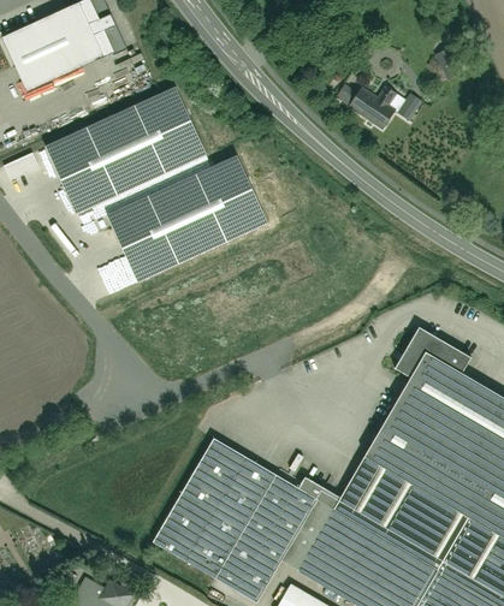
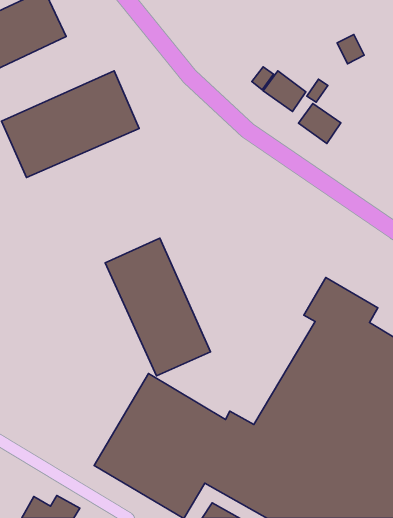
building: none -> [298,104,341,143]
building: [107,156,266,279] -> none
building: none -> [105,238,210,376]

